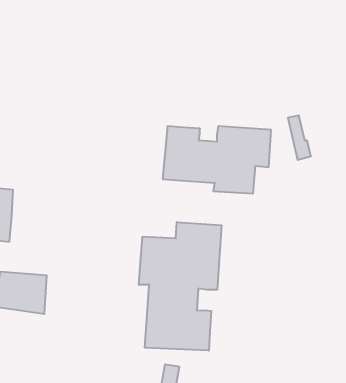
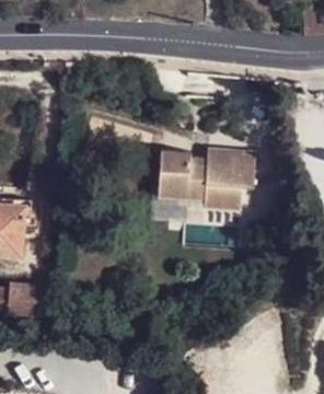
building: [139,222,222,351] -> none

